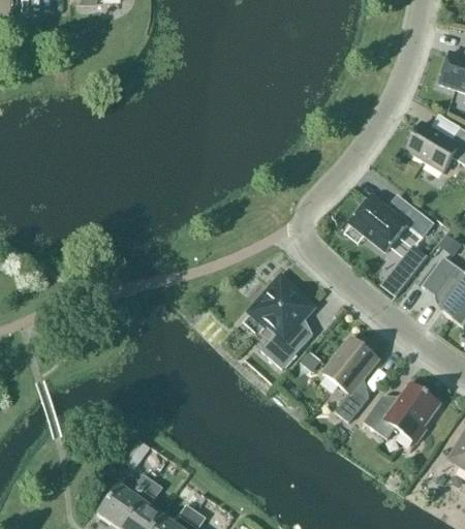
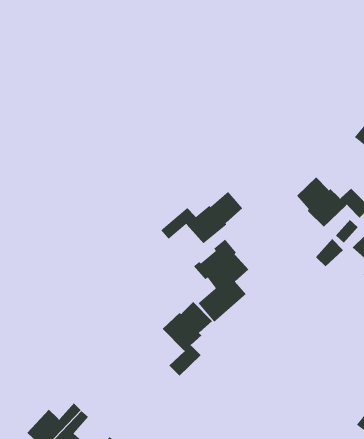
building: none -> [160,191,243,244]
building: [322,338,376,421] -> [162,301,213,376]
building: [363,381,440,441] -> none

